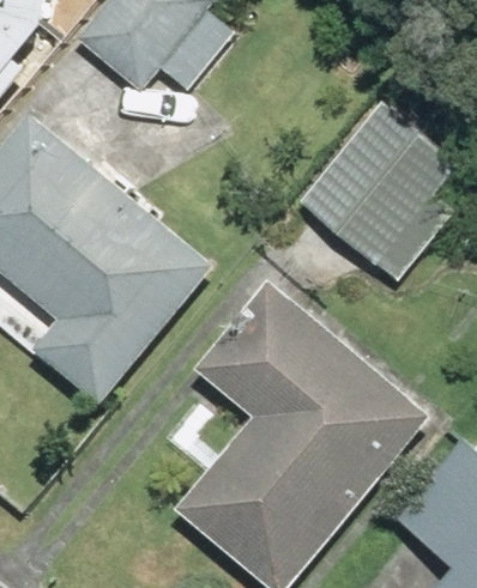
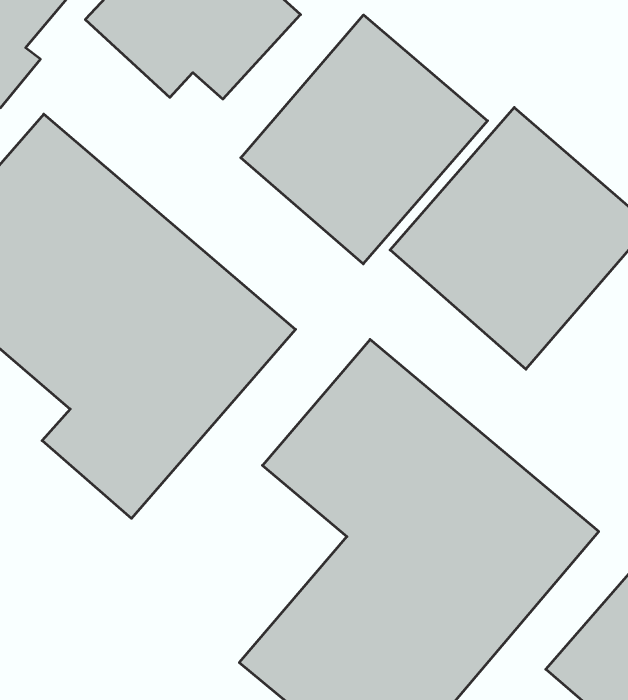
building: none -> [241,15,488,264]

